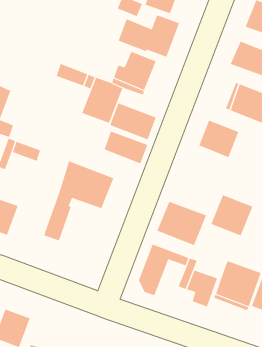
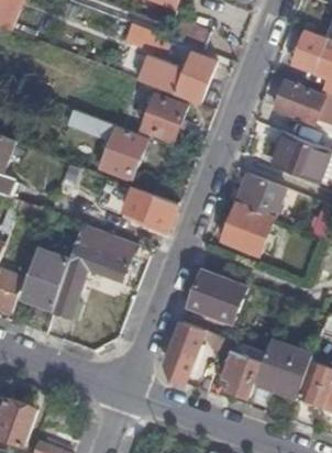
building: [109,102,157,140] -> none
building: none -> [21,251,70,308]
building: [211,194,253,236] -> [222,206,273,255]

